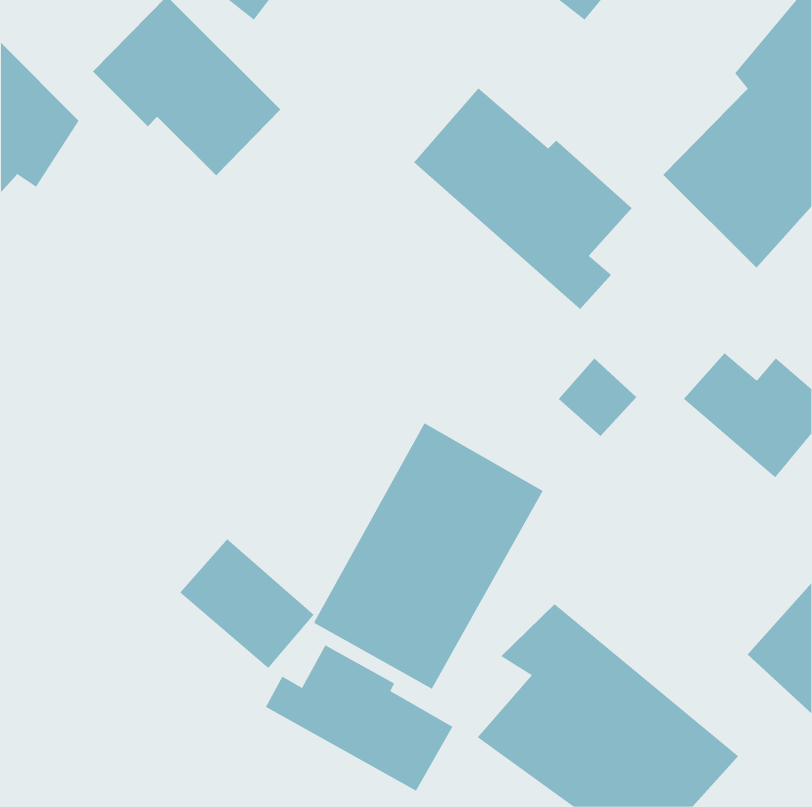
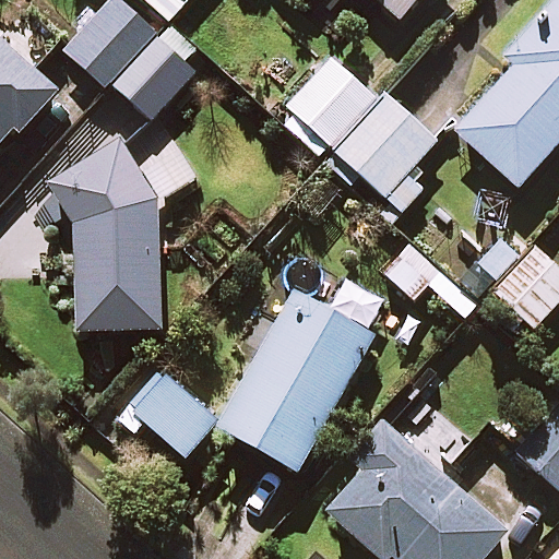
building: none -> [53,133,163,321]
building: [265,645,453,792] -> none

